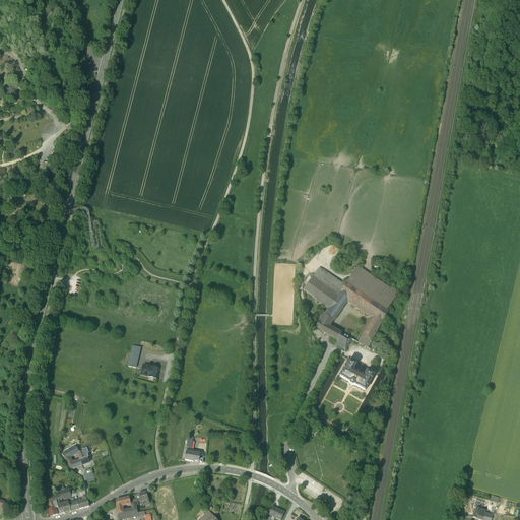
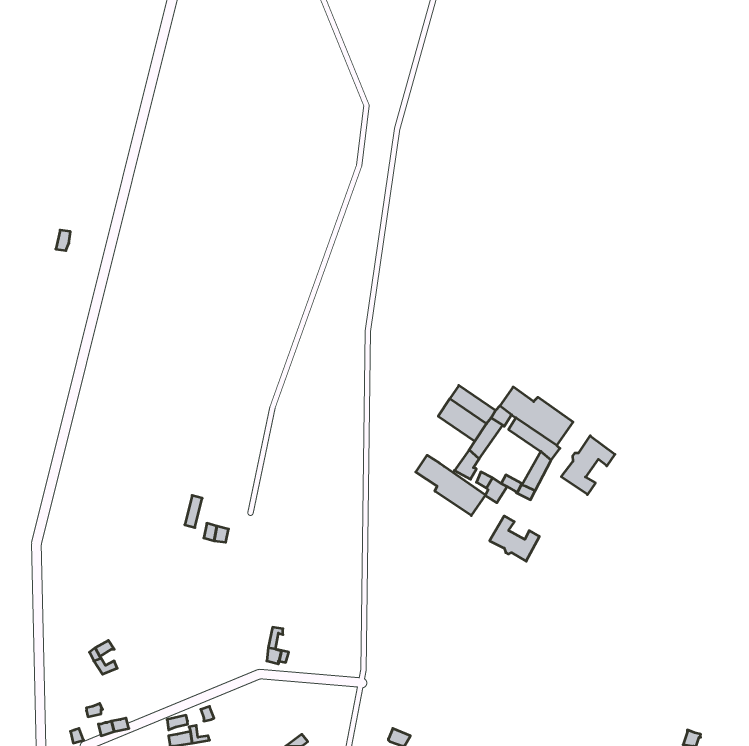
building: none -> [561,436,615,495]
building: none -> [416,455,485,516]

